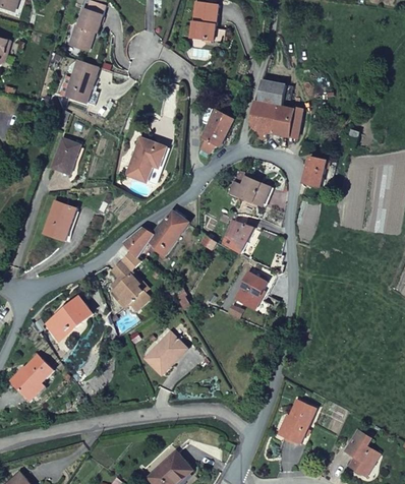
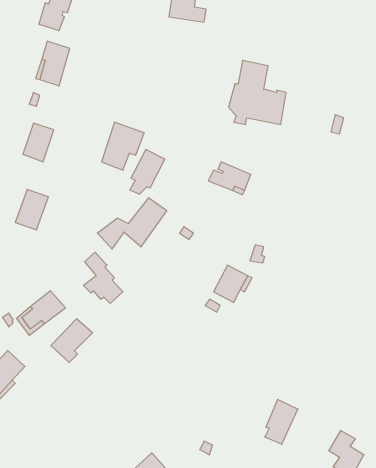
building: [201,109,235,152] -> [130,149,165,194]
building: [303,157,336,186] -> none
building: [222,221,253,253] -> none
building: [144,332,184,374] -> [51,319,92,363]

